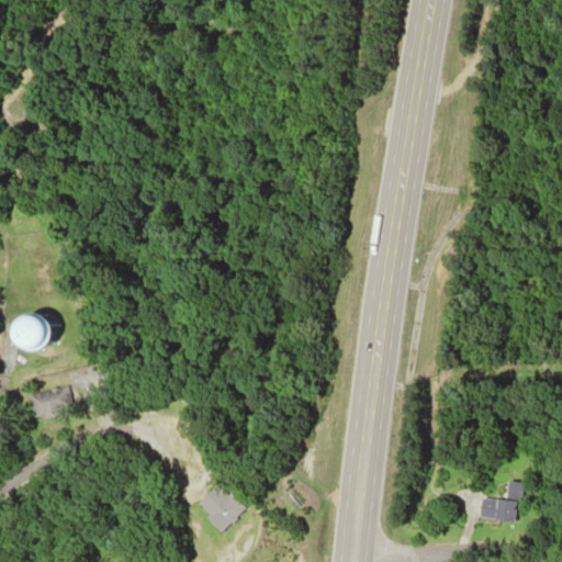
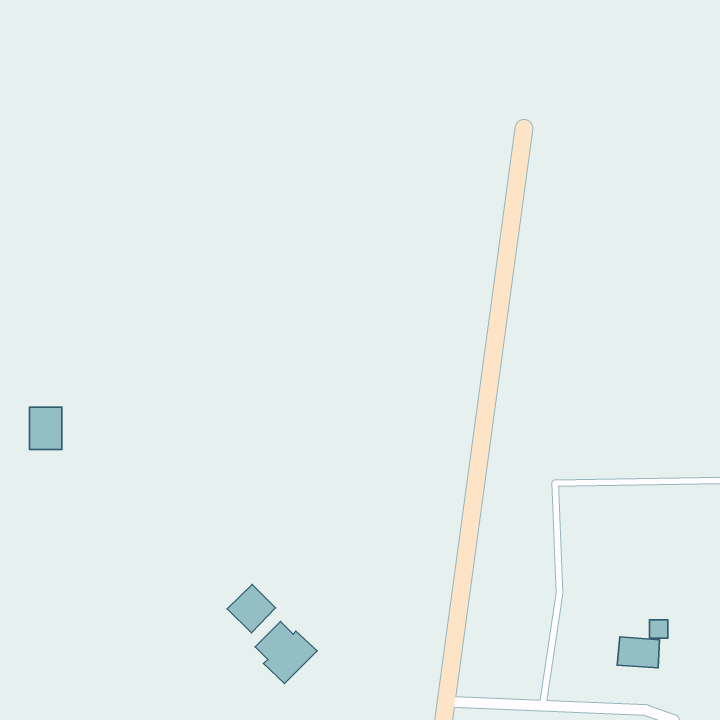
building: [30,386,72,419] -> none
building: none -> [227,585,275,633]

